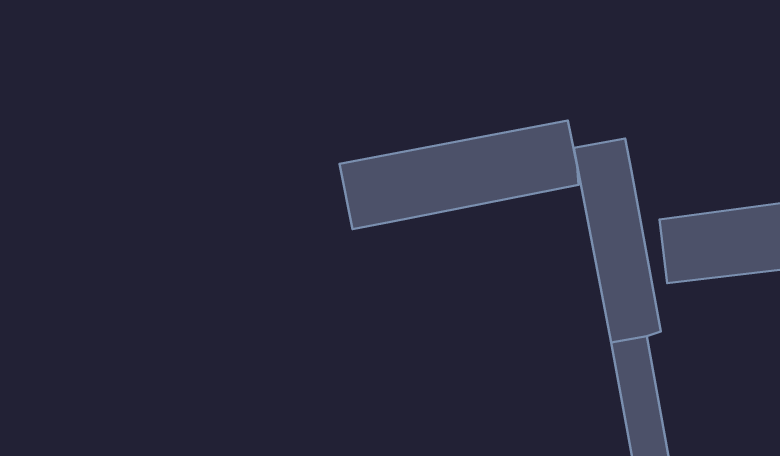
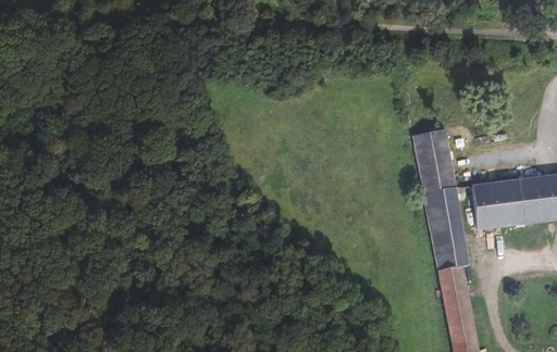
building: [340,121,579,229] -> none

